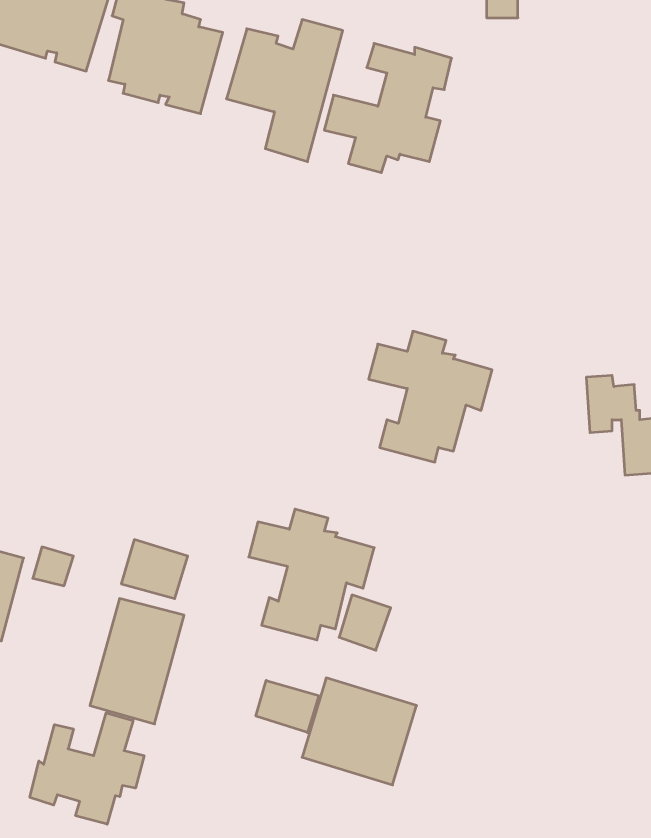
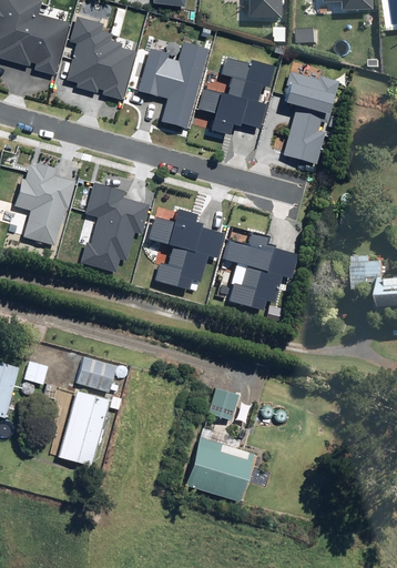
building: none -> [282,71,338,164]
building: none -> [13,163,74,244]
building: none -> [80,182,149,272]
building: [249,509,374,640] -> [150,210,225,288]
building: [256,680,319,733] -> none
building: [30,713,144,824] -> none

